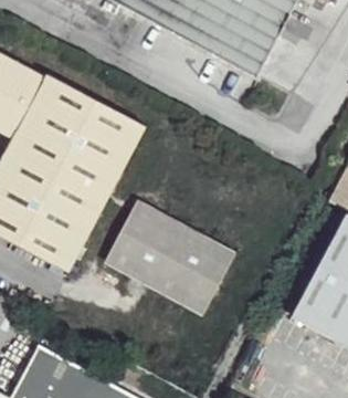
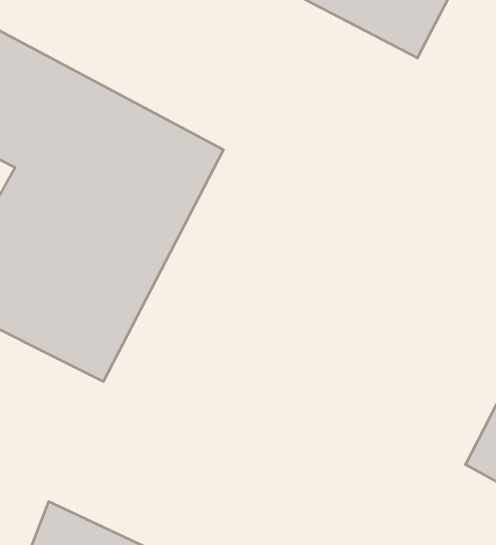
building: [99,199,231,313] -> none

